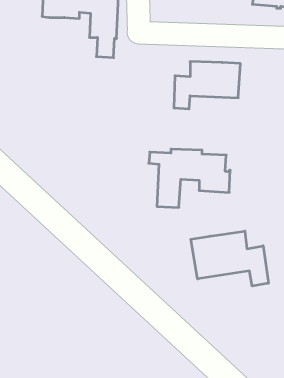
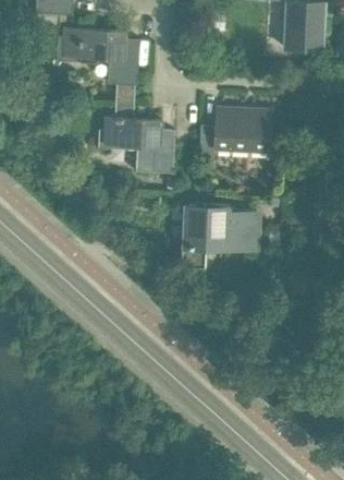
building: none -> [98,105,175,173]
building: [191,231,268,286] -> none

